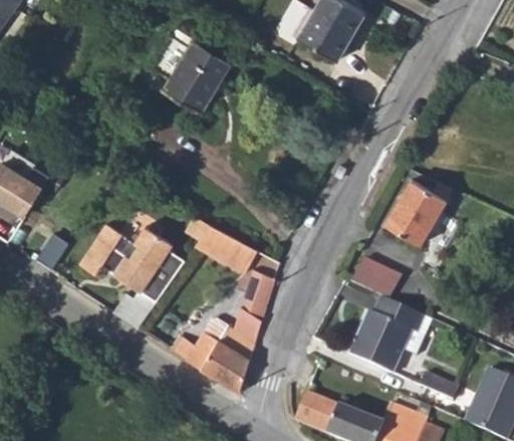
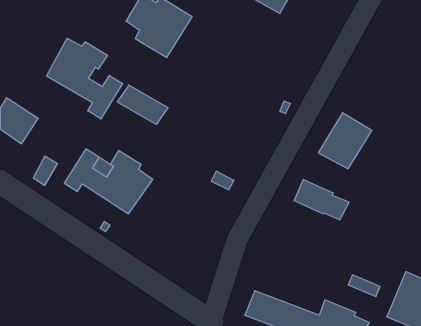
building: none -> [47,38,122,119]
building: [194,223,255,270] -> [117,85,168,124]
building: [173,268,274,392] -> none
building: [347,296,430,373] -> none

